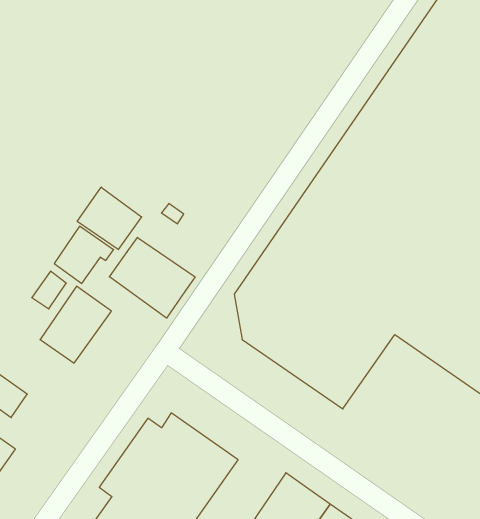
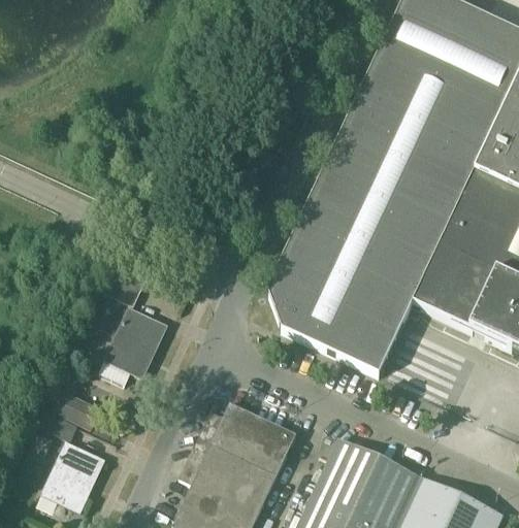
building: [77,187,142,250] -> none
building: [109,237,195,318] -> none

